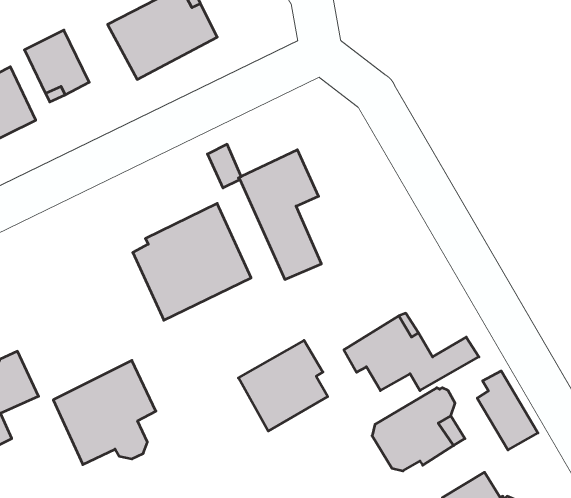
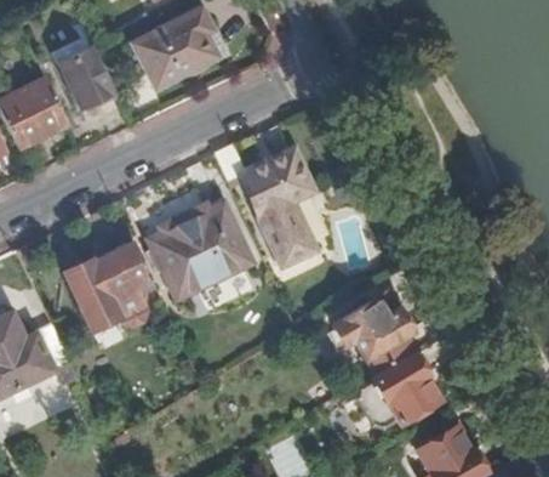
building: [238,340,328,431] -> none
building: [53,360,156,465] -> [67,239,155,329]
building: [477,371,538,450] -> none

